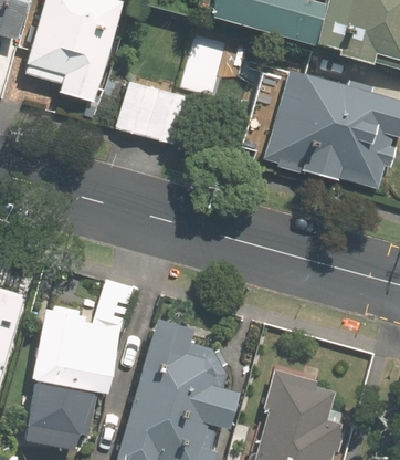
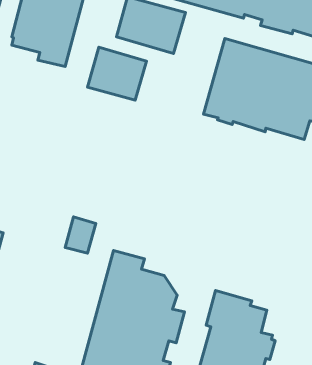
building: [32,311,119,446] -> none

